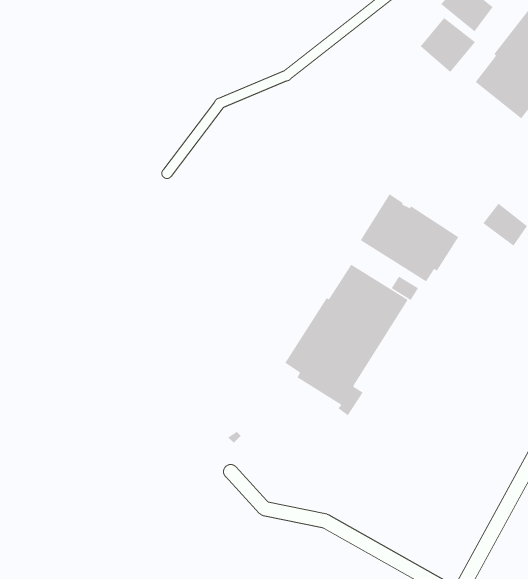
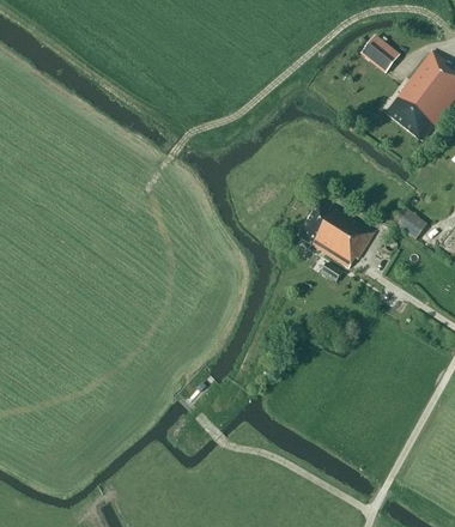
building: [420,17,476,73] -> none
building: [285,264,409,416] -> none

